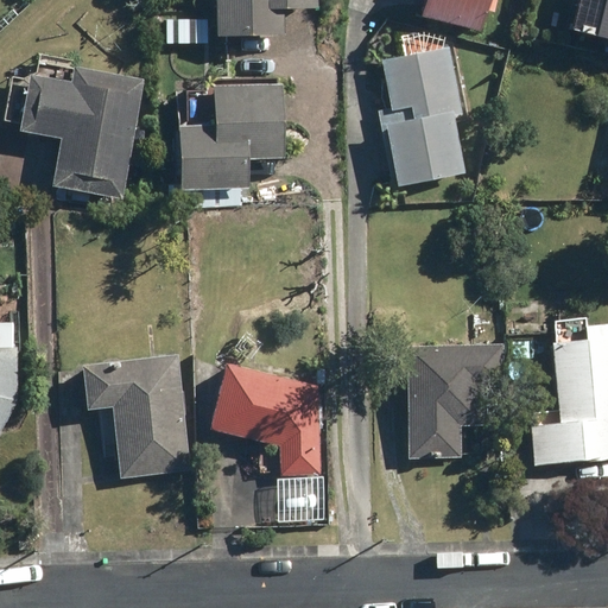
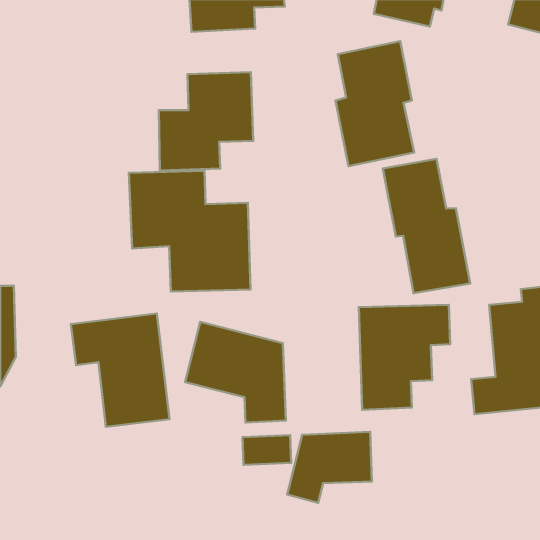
building: [19,65,145,198] -> none
building: none -> [383,159,470,293]
building: none -> [129,171,251,292]
building: none -> [287,432,372,503]

